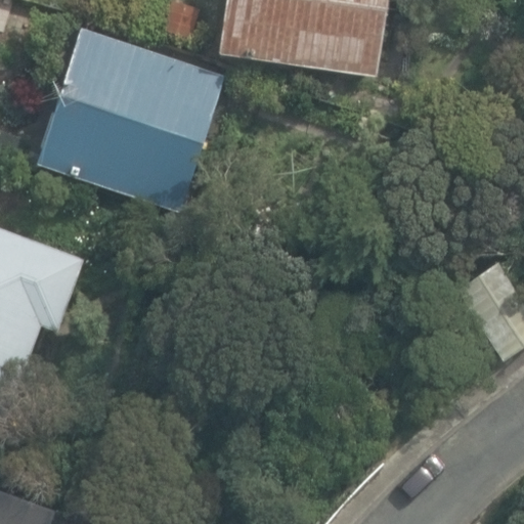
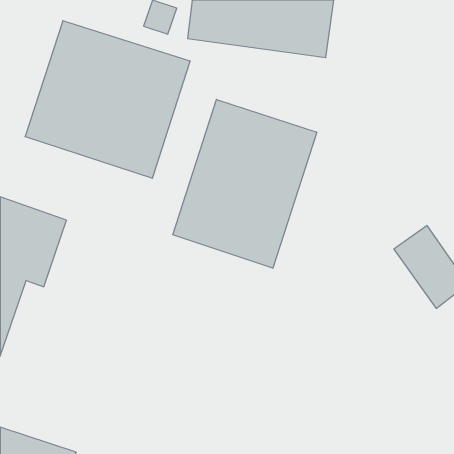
building: none -> [173,99,317,268]

